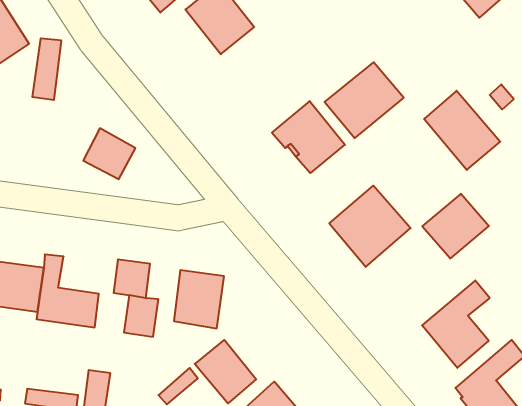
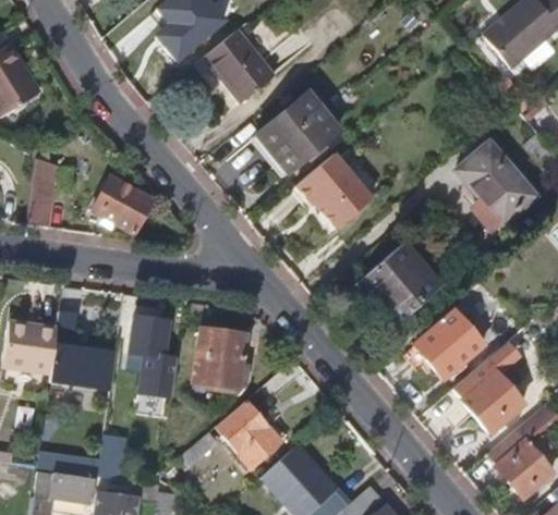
building: [32,38,61,100] -> [26,164,57,229]
building: [325,62,404,138] -> [253,94,336,173]
building: [422,194,489,258] -> [414,310,484,378]

